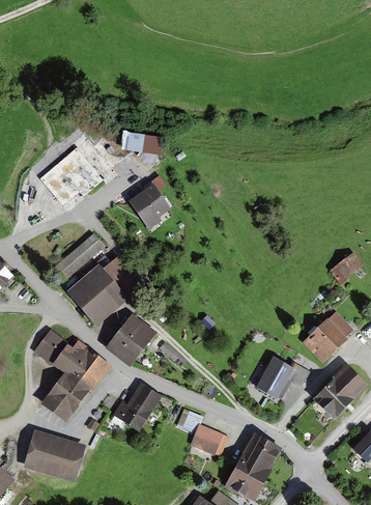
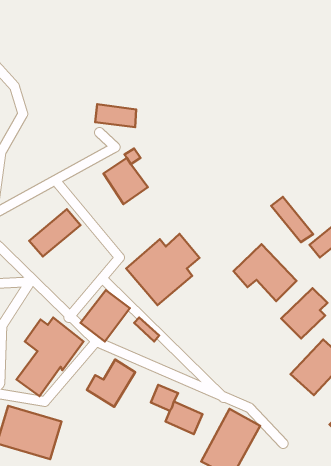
building: [38,139,113,211] -> none
building: none -> [271,197,313,242]
building: [65,256,138,327] -> [126,234,200,305]
building: none -> [233,244,297,301]
building: [33,332,66,366] -> none
building: [256,358,293,399] -> none

